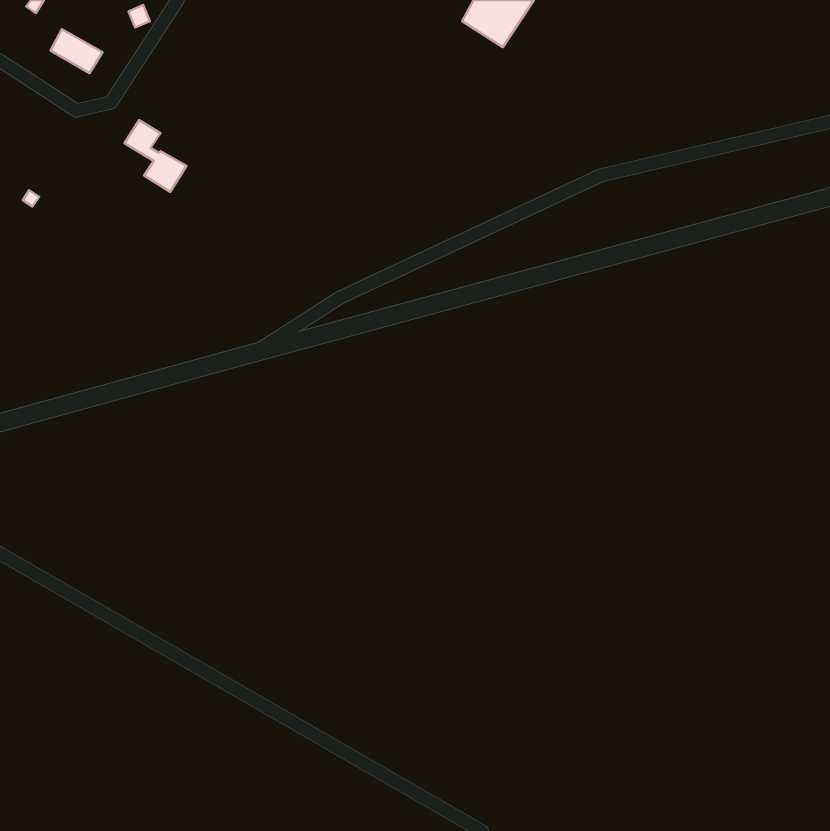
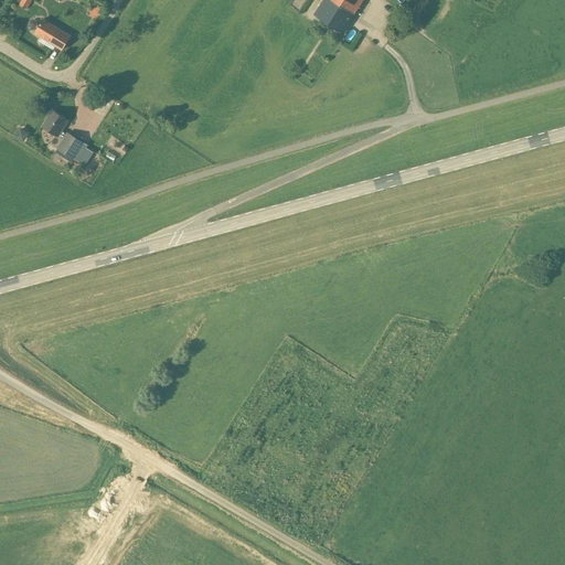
building: [125,120,186,192] -> [42,111,84,160]

